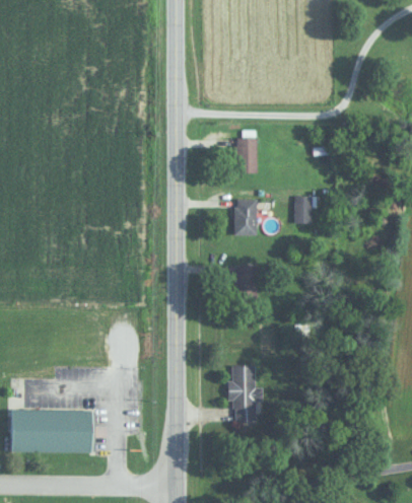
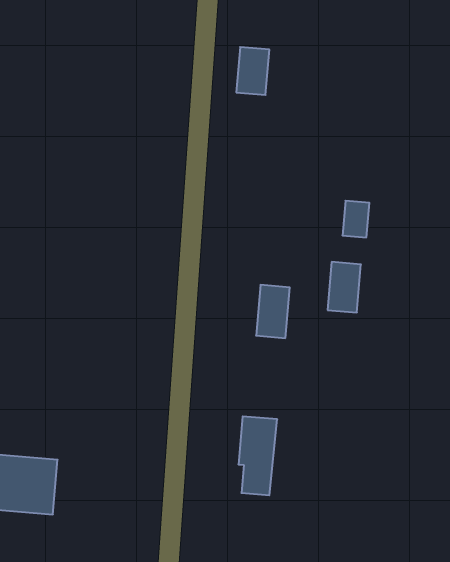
building: [235,138,258,172] -> [236,47,269,95]
building: [235,199,258,235] -> [328,262,361,312]

